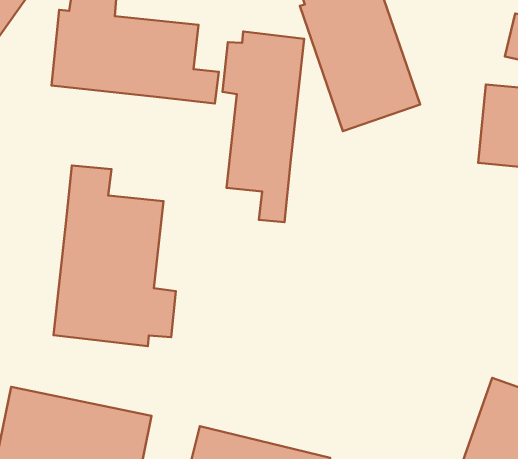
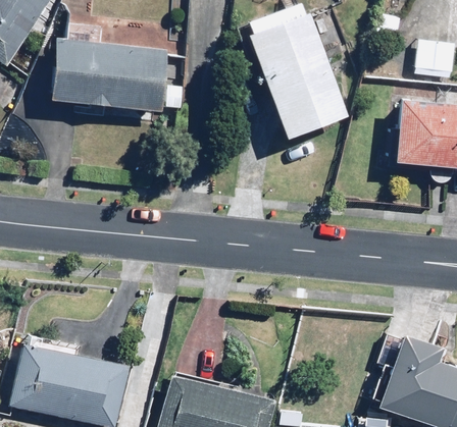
building: [223,32,304,222] -> none
building: [53,165,176,346] -> none

